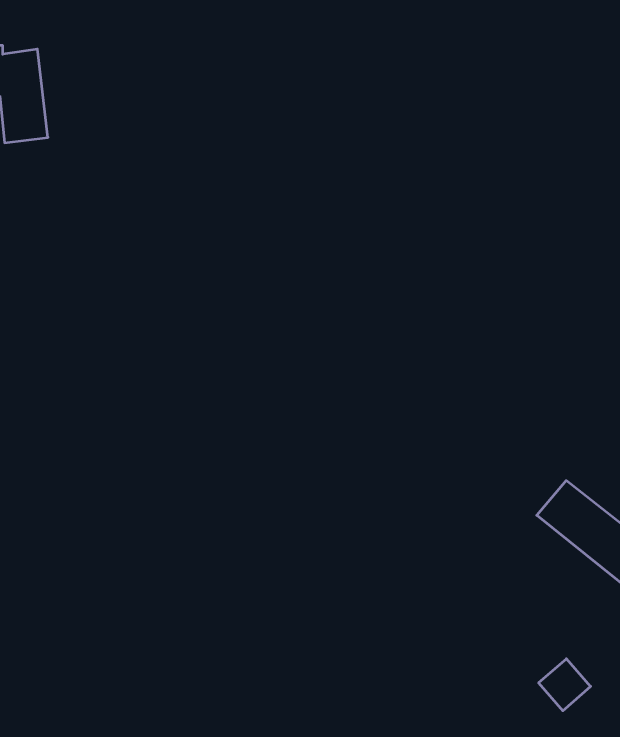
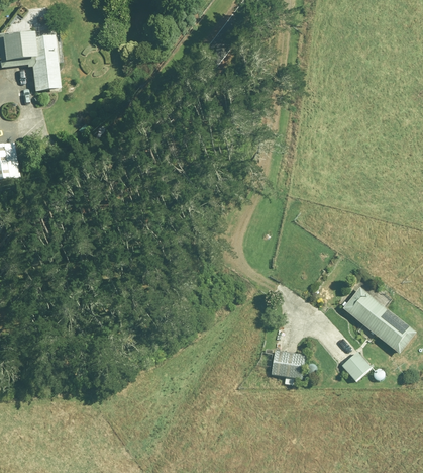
building: none -> [271,350,305,383]
building: [539,659,591,711] -> [341,350,372,380]

